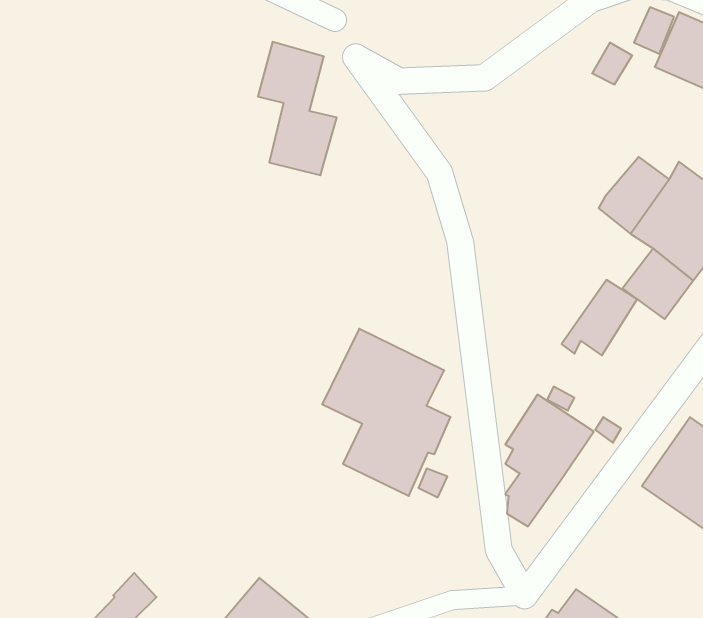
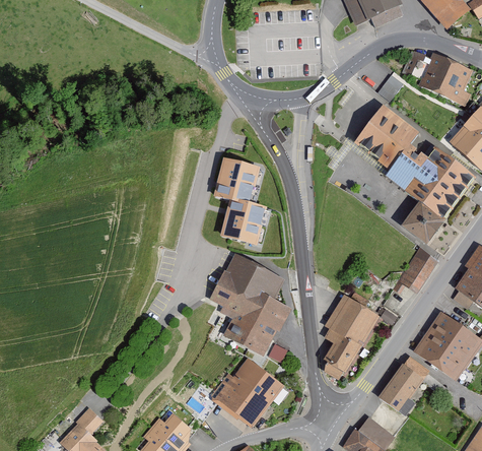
building: [258,42,337,175] -> [216,154,266,239]
building: none -> [351,104,417,169]
building: [562,280,637,355] -> [393,247,440,295]
building: none -> [206,357,283,427]
building: none -> [377,363,423,415]

